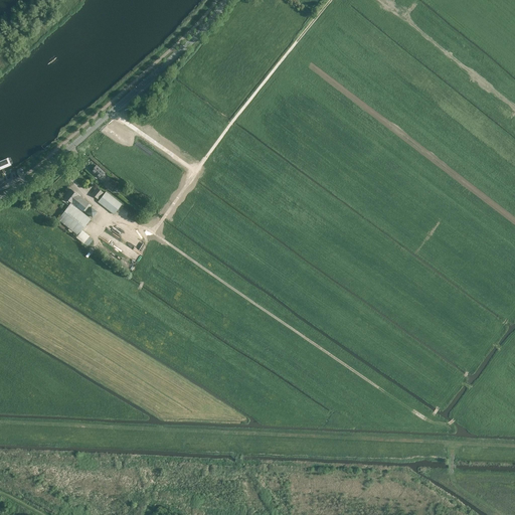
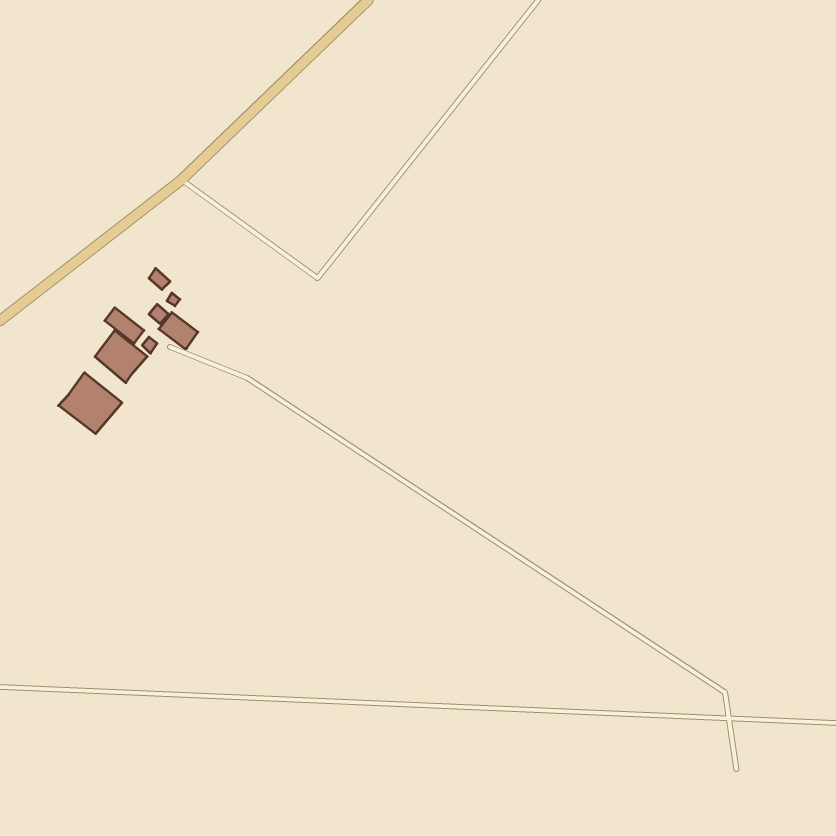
building: none -> [58,373,122,434]

